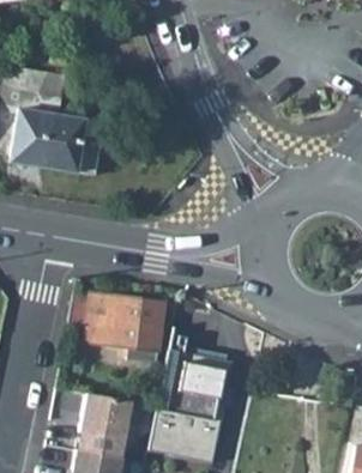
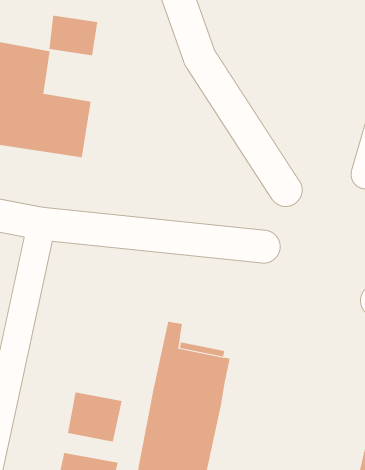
building: none -> [49,15,98,56]
building: [85,293,163,360] -> none

